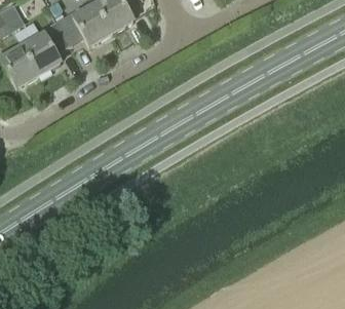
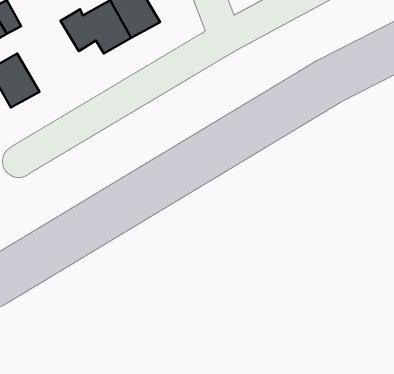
building: [22,18,70,74] -> none

